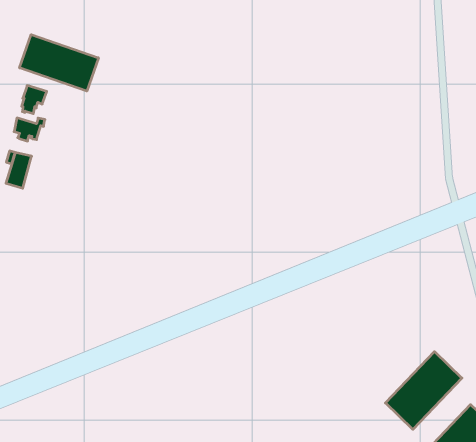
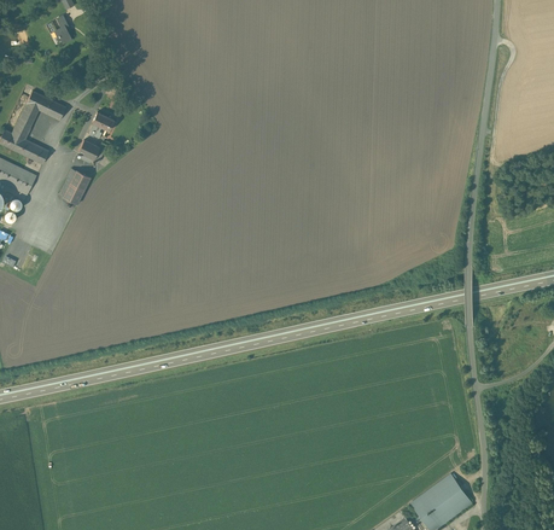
building: [20,35,98,91] -> none
building: [385,352,462,429] -> none

